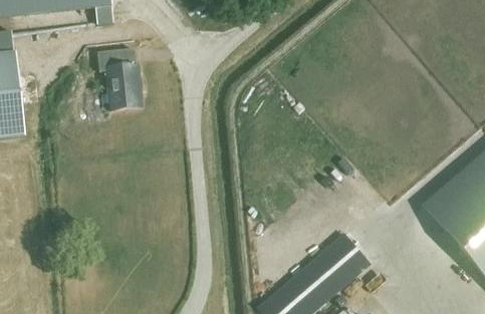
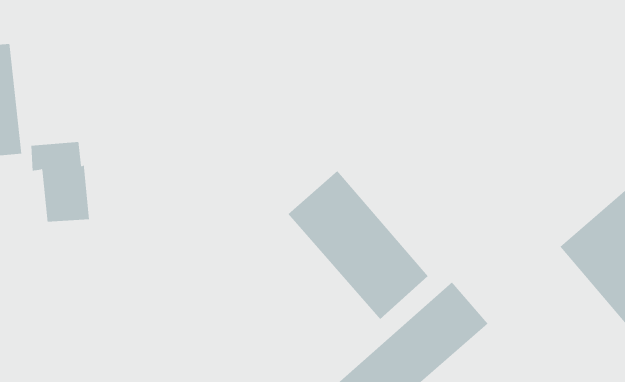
building: [97,47,142,107] -> [31,141,90,222]
building: none -> [287,170,428,320]

